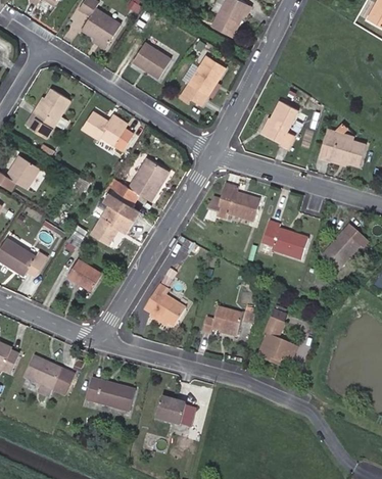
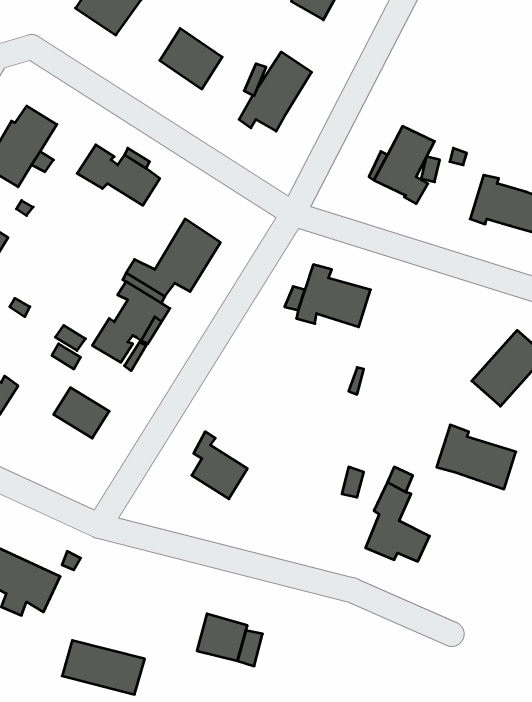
building: [259,221,307,259] -> [437,425,516,489]
building: [202,306,242,334] -> none
building: [85,378,135,411] -> [62,640,145,694]

